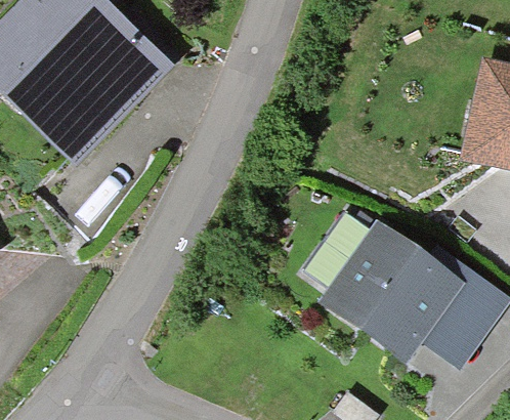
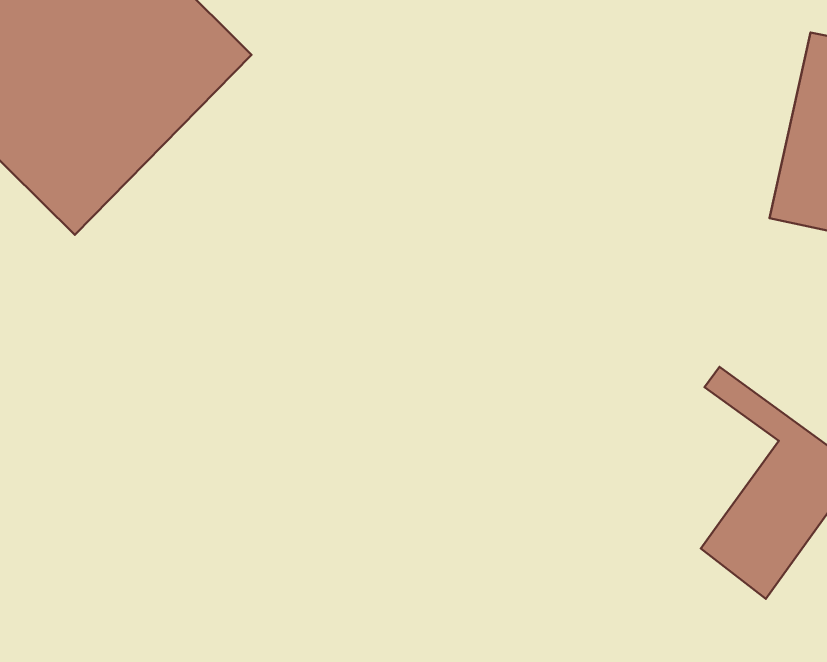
building: [318,218,466,364] -> none

